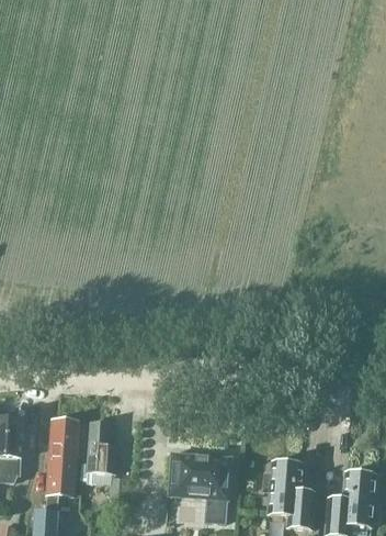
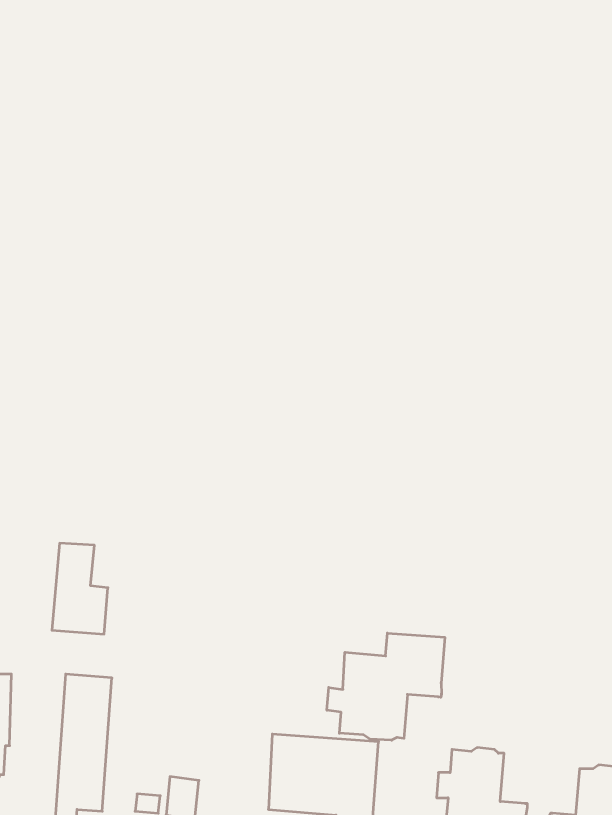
building: none -> [327,633,445,740]
building: [84,424,116,476] -> [52,543,108,634]

